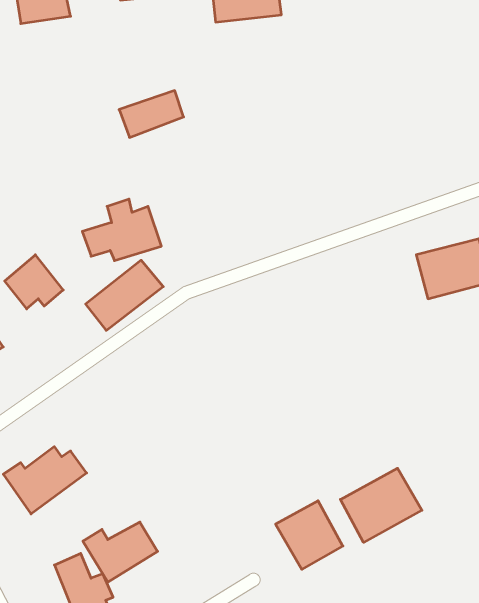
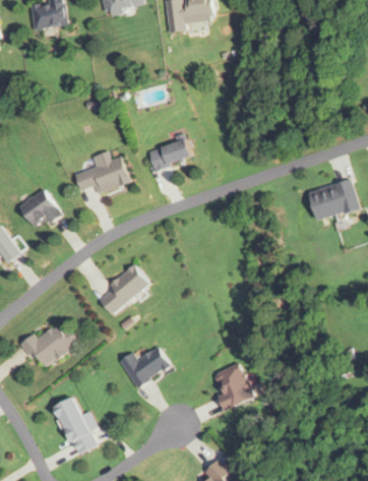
building: [119,91,184,137] -> [147,138,192,171]
building: [86,260,163,330] -> [96,265,149,314]
building: [340,468,422,542] -> none
building: [83,522,158,582] -> [120,347,172,388]

